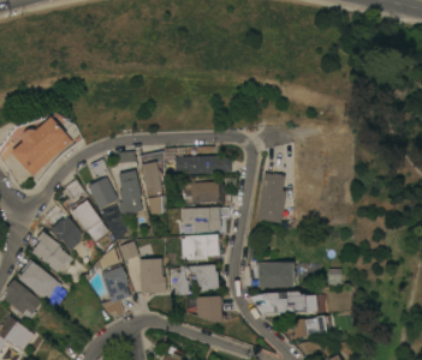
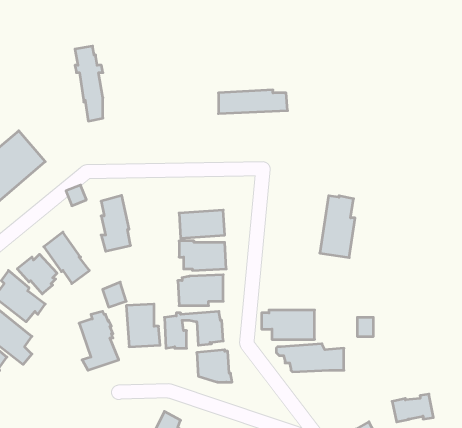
building: [141,154,164,215] -> [75,46,103,121]
building: [176,155,232,174] -> [218,90,288,114]
building: [257,173,286,223] -> [320,196,355,258]
building: [89,176,118,209] -> none
building: [293,314,327,337] -> [392,394,433,422]

